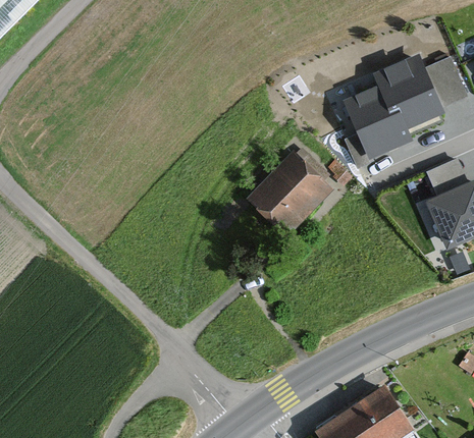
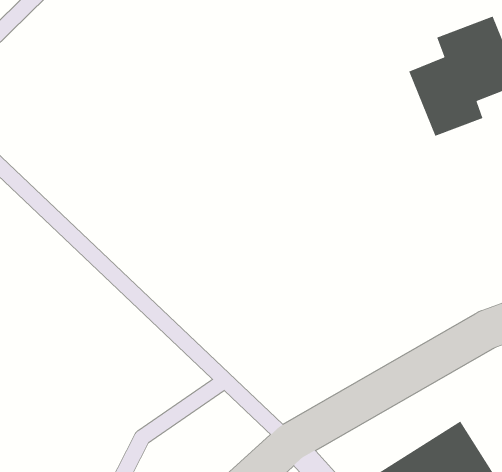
building: [245,150,332,237] -> none

